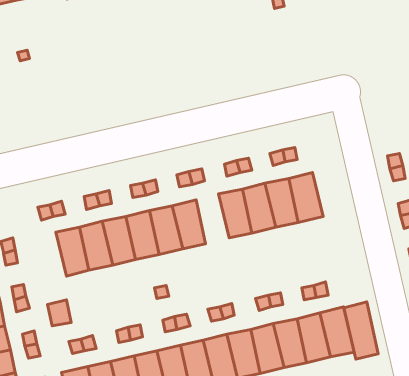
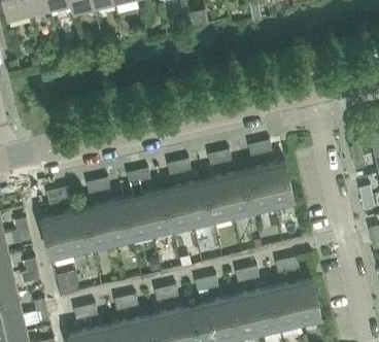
building: none -> [183,183,212,227]
building: none -> [41,216,71,260]
building: [344,302,378,359] -> none

